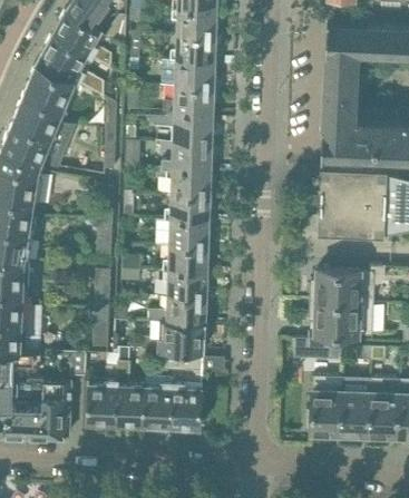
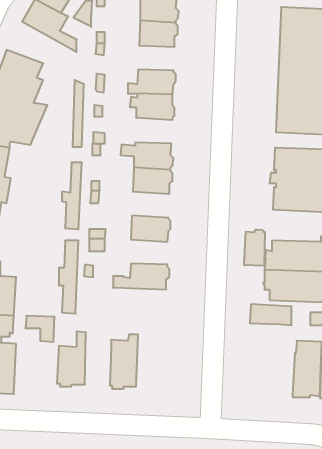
building: [35,37,104,97] -> none
building: [164,61,216,89] -> none
building: [160,139,214,169] -> none
building: [168,218,211,246] -> none
building: none -> [244,229,265,266]
building: [167,270,208,296] -> none
building: [142,321,208,352] -> none
building: [173,357,204,431] -> none
building: [118,362,146,428] -> none
building: [305,377,344,436] -> none
building: [42,381,72,436] -> none

